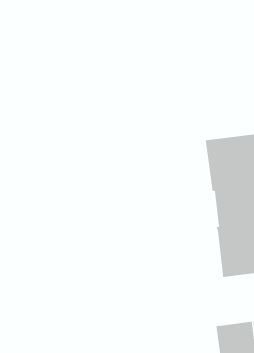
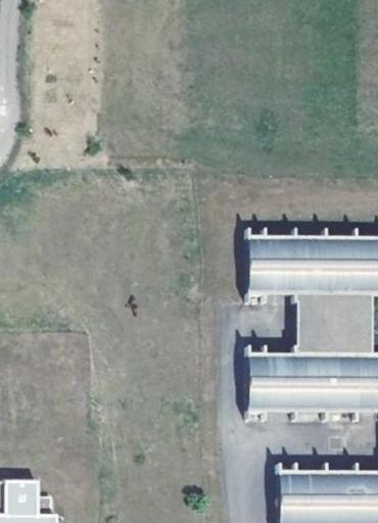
building: none -> [246,238,293,297]
building: none -> [247,354,294,414]

